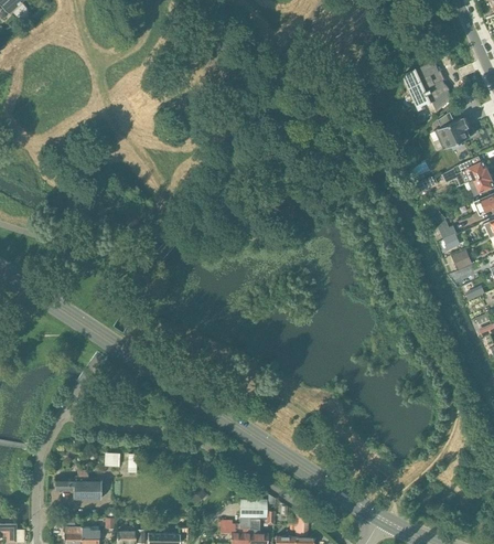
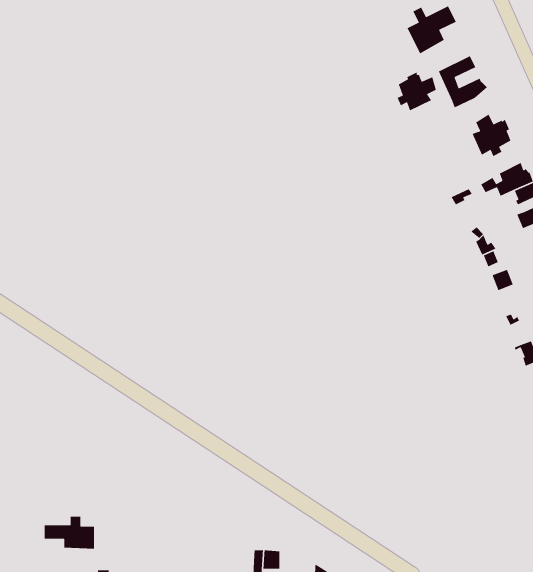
building: none -> [406,5,457,54]
building: none -> [397,71,437,112]

